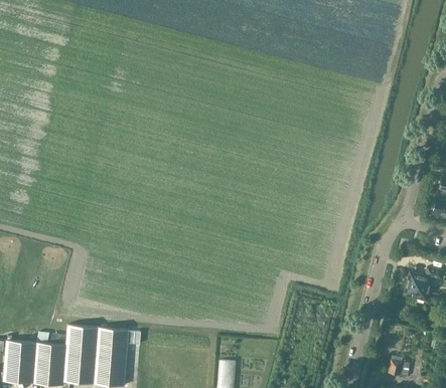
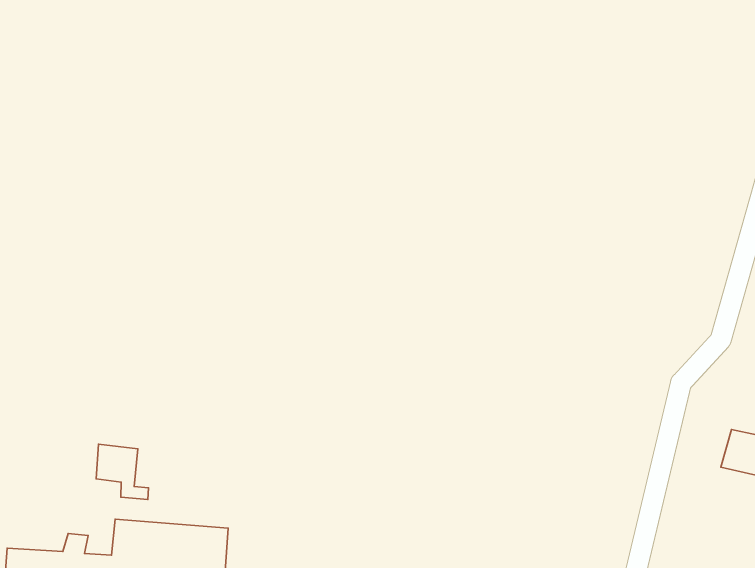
building: none -> [96,444,149,500]

